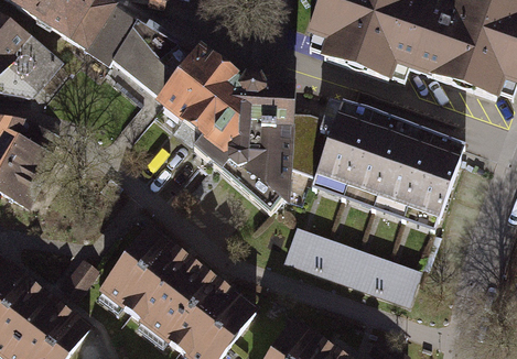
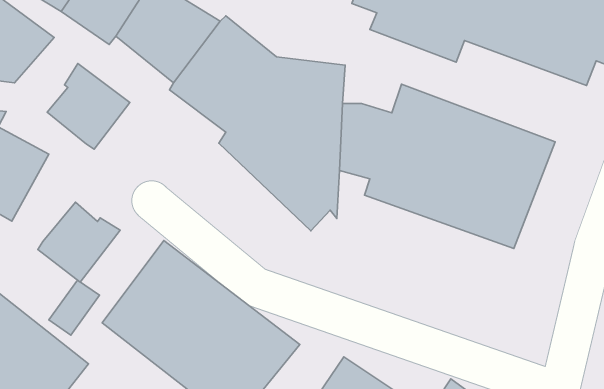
building: none -> [47,63,130,149]
building: none -> [38,202,120,282]
building: [283,227,419,305] -> none

